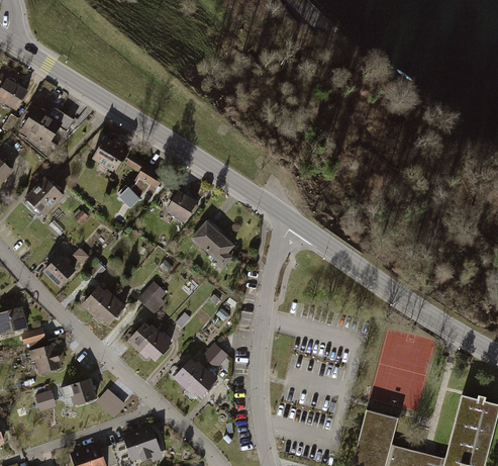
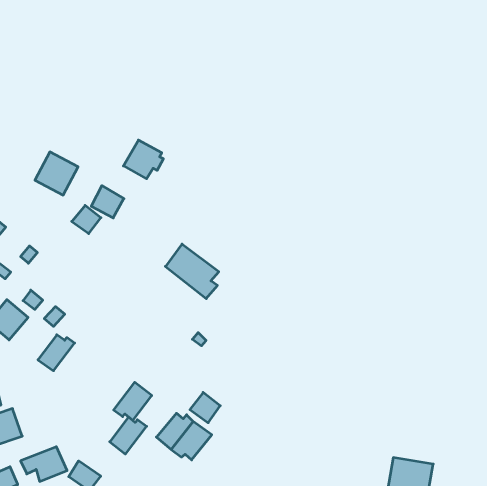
building: [165,190,198,222] -> [123,140,163,179]
building: [137,281,166,310] -> none
building: [93,294,125,324] -> none
building: [127,321,159,352] -> [110,417,147,454]

